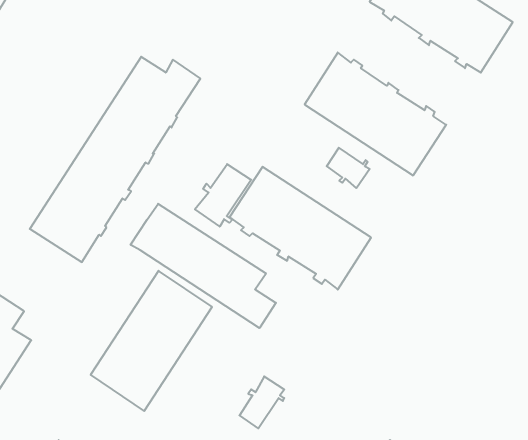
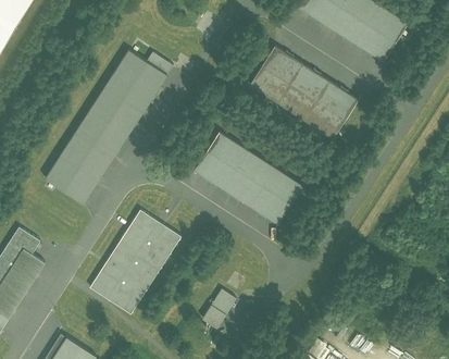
building: [327,148,370,188] -> none
building: [195,164,251,227] -> none
building: [131,204,276,328] -> none

